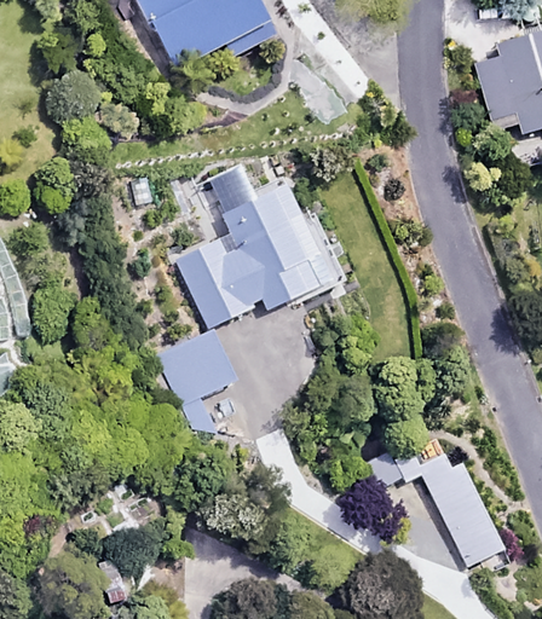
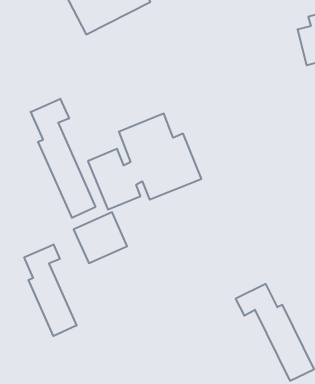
building: none -> [31,99,95,218]
building: none -> [24,244,77,336]

